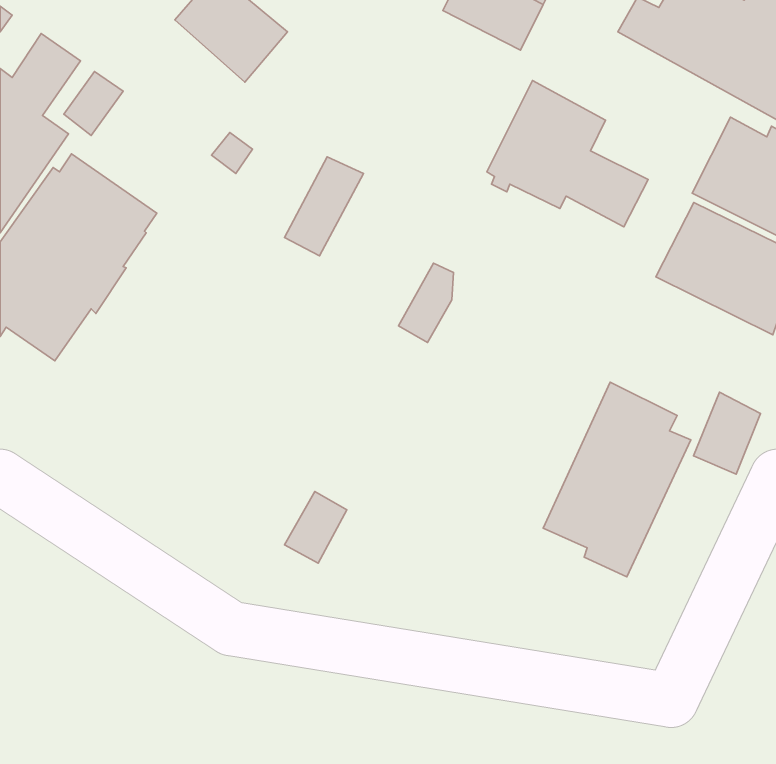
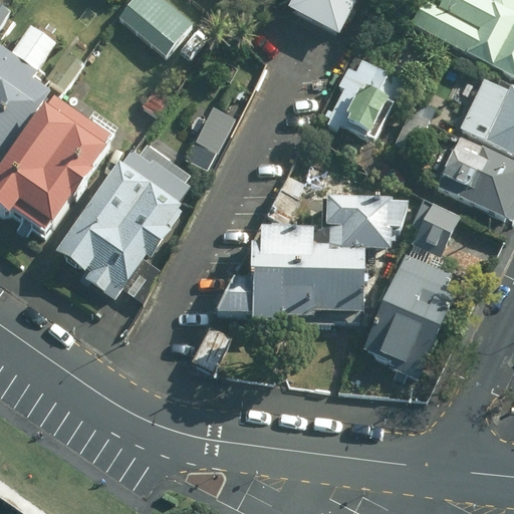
building: none -> [64,141,202,297]
building: none -> [213,200,407,323]
building: [694,392,761,474] -> [412,200,456,254]

